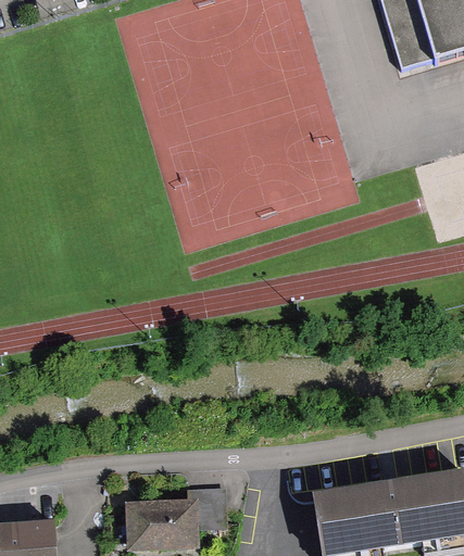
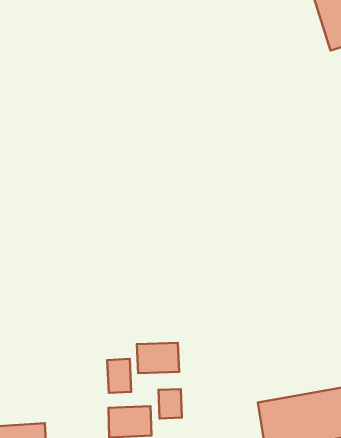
building: none -> [137,343,179,373]
building: none -> [107,359,131,393]

